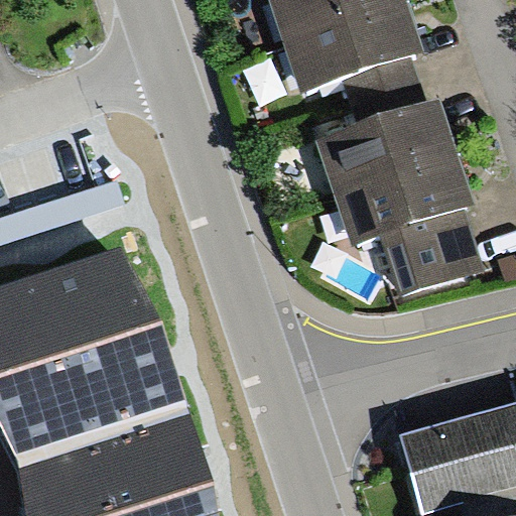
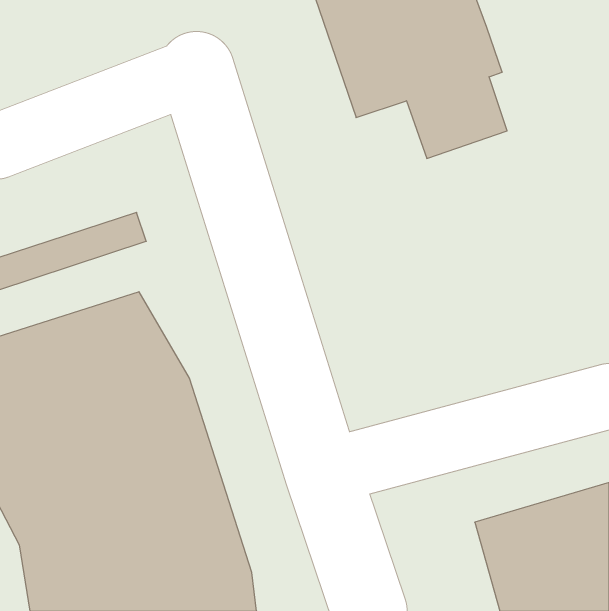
building: [314,106,484,304] -> none

